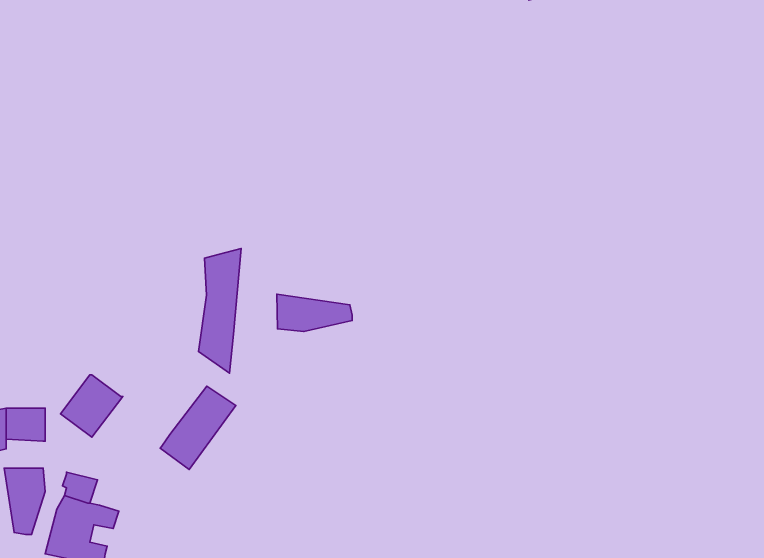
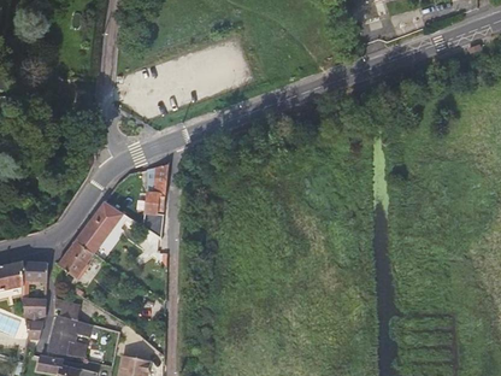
building: [277,294,352,331] -> none
building: [160,386,236,470] -> [76,201,123,253]

